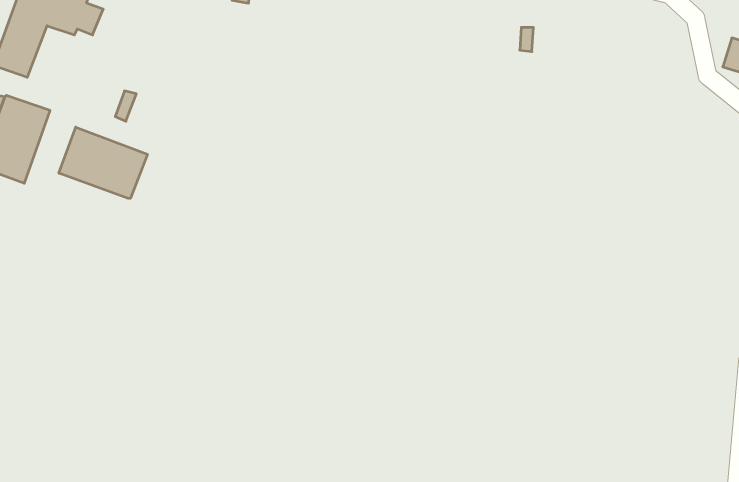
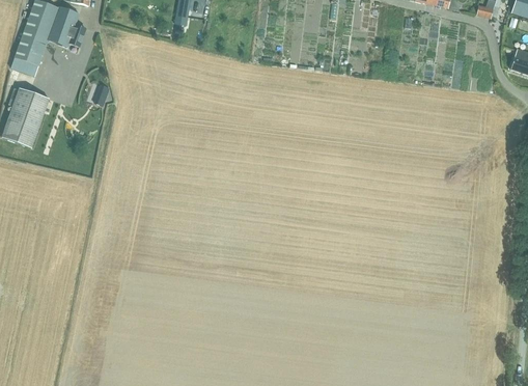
building: [59,127,147,198] -> none

